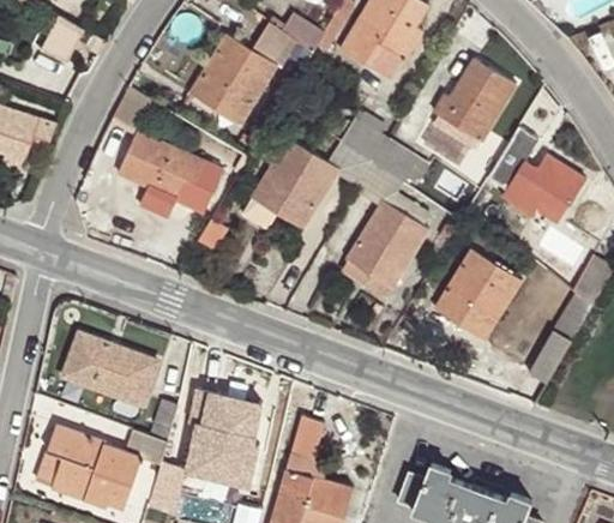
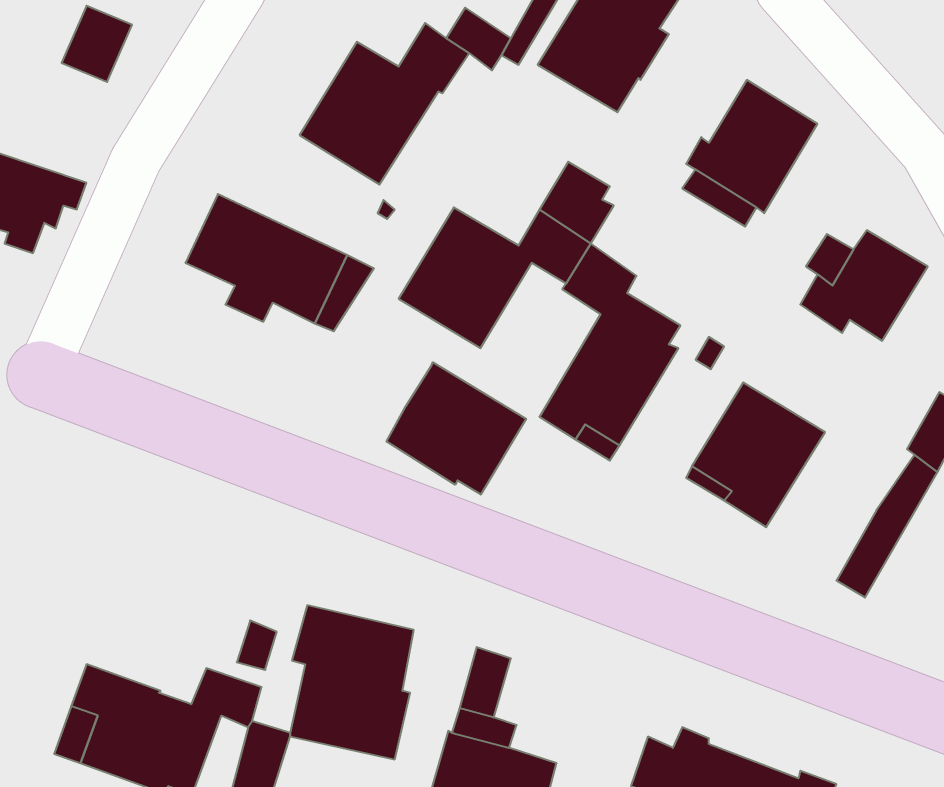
building: [374,137,429,182] -> none
building: none -> [386,362,526,495]
building: [65,335,156,402] -> none

